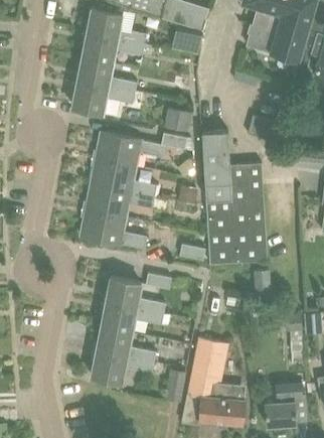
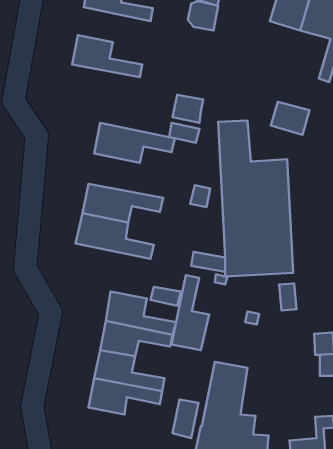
building: [82,33,144,63] -> none
building: [71,83,135,114] -> none
building: [91,159,157,197] -> none
building: none -> [171,275,209,350]

